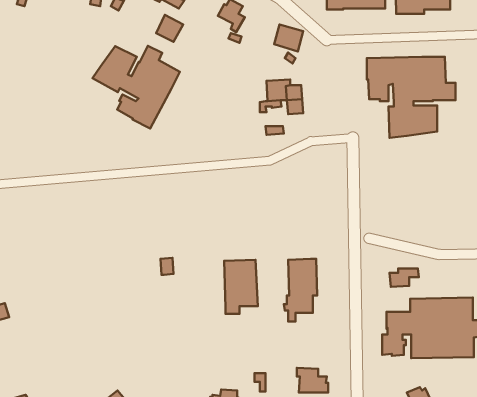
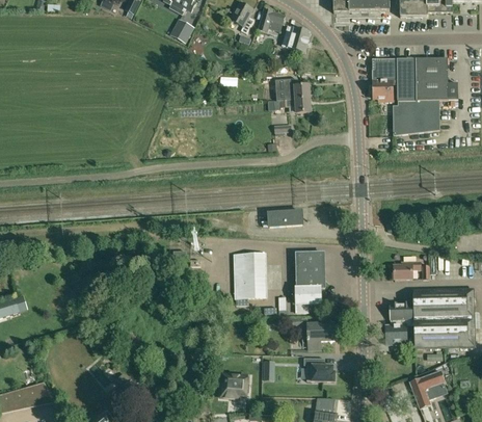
building: none -> [259,8,285,31]
building: [92,46,180,128] -> none
building: none -> [267,209,303,227]
building: none -> [289,316,334,349]

